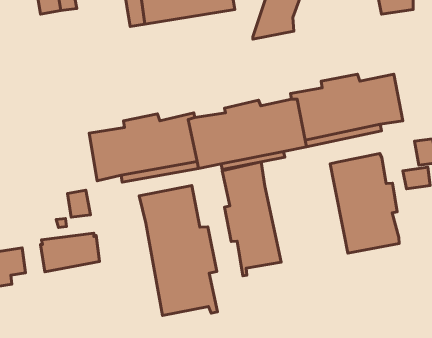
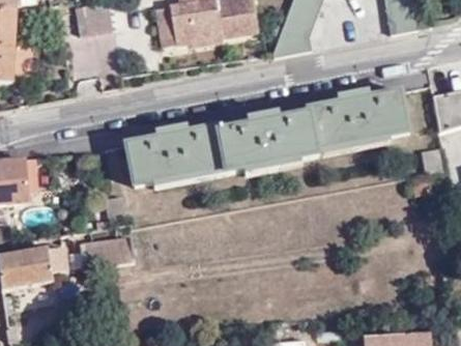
building: [330,154,399,253] -> none
building: [222,162,281,276] -> none
building: [139,185,217,316] -> none

